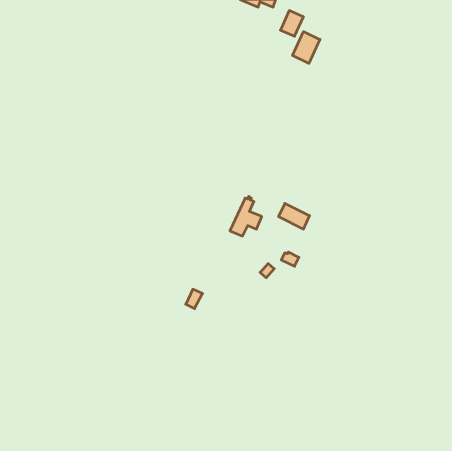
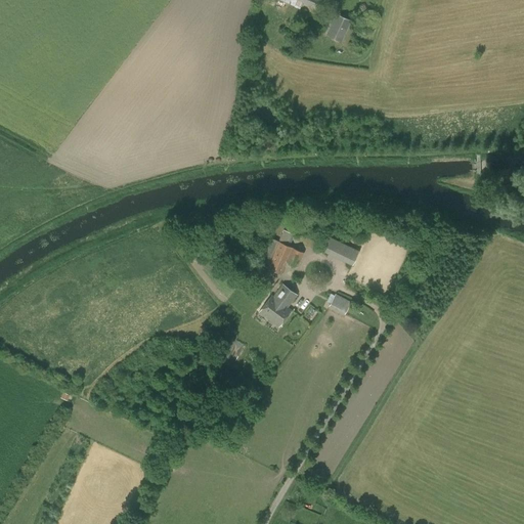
building: [293,32,320,63] -> none
building: none -> [259,283,297,325]

